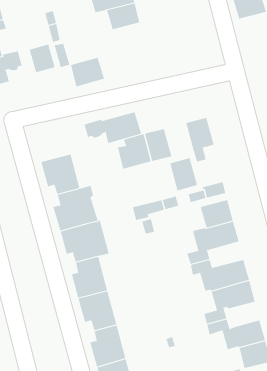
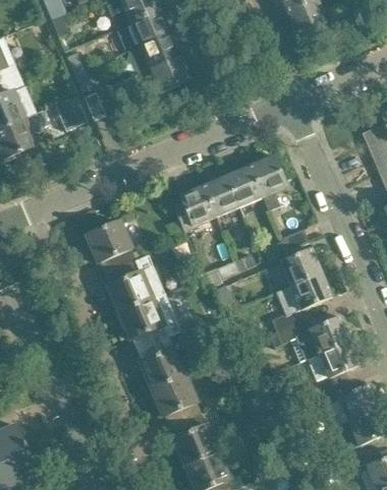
building: [70,57,105,87] -> [149,54,191,93]
building: [84,112,142,144] -> none
building: [170,157,198,191] -> [226,165,263,206]

